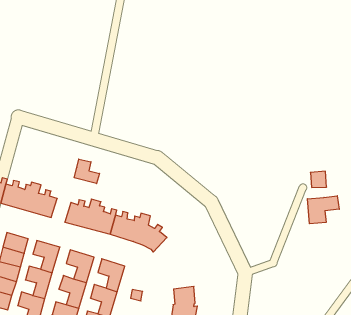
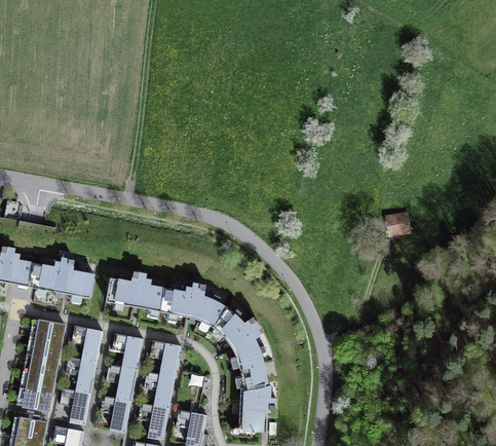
building: [74,159,99,184] -> none
building: [307,196,339,224] -> none
building: none -> [213,308,266,368]

